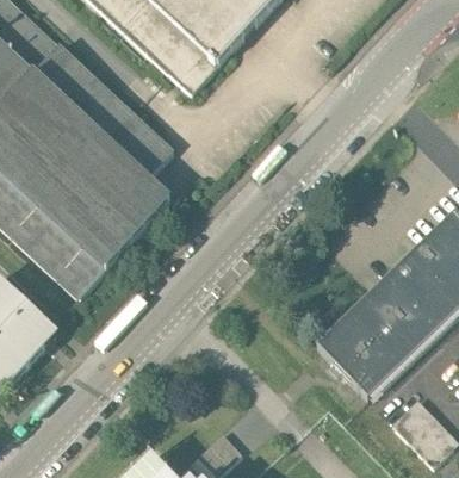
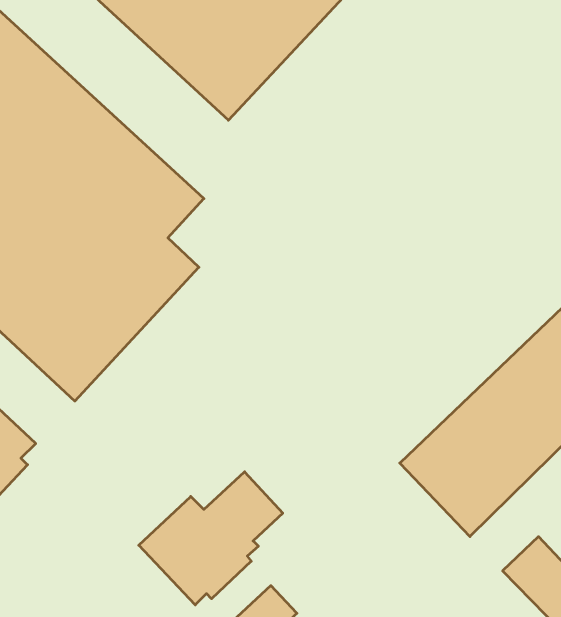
building: none -> [139,472,283,605]

